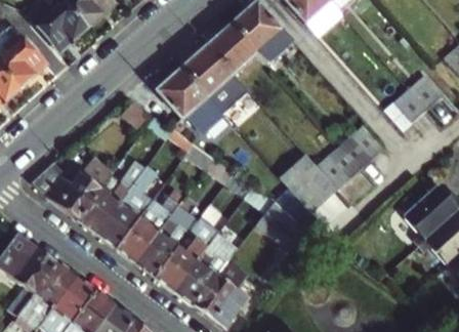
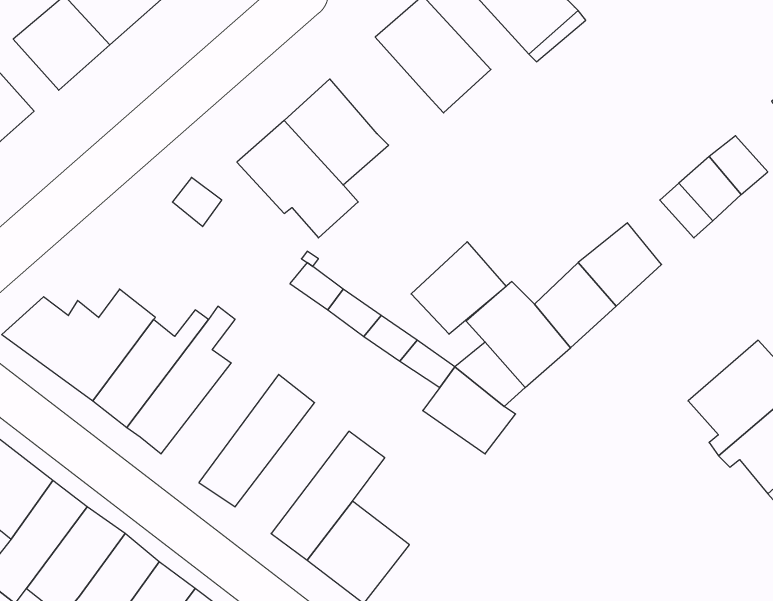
building: [206,22,257,74] -> none
building: none -> [411,242,506,334]
building: [115,194,180,262] -> none
building: [155,215,219,290] -> none

